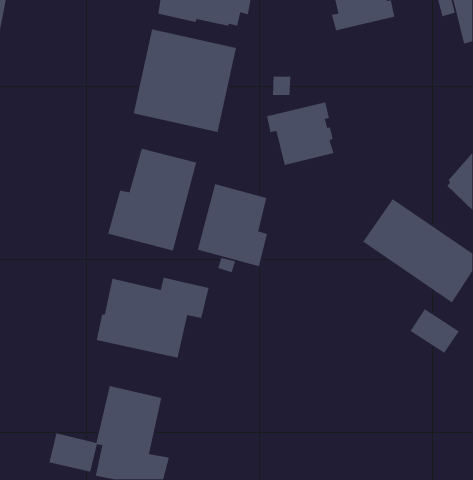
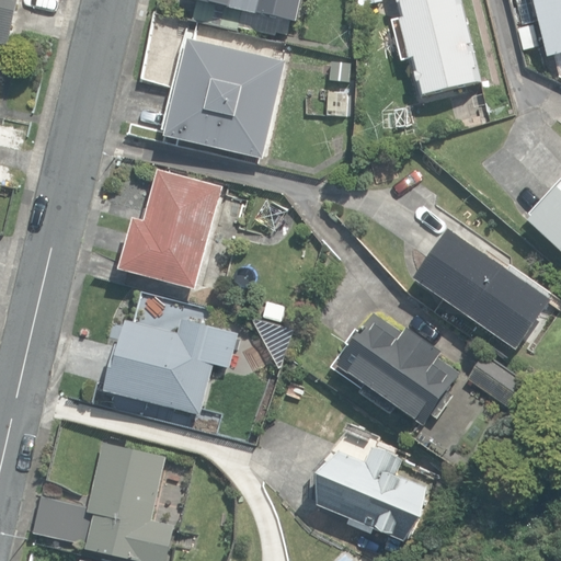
building: [266,101,334,166] -> [388,20,467,94]
building: [197,183,268,267] -> none
building: none -> [329,314,459,428]
building: none -> [307,443,415,536]

